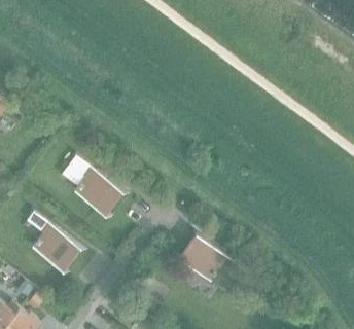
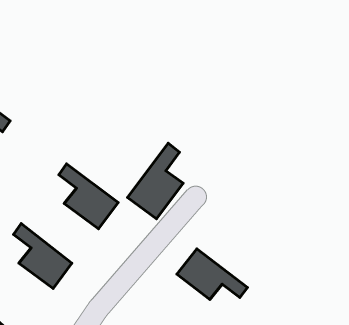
building: none -> [128,143,183,219]

